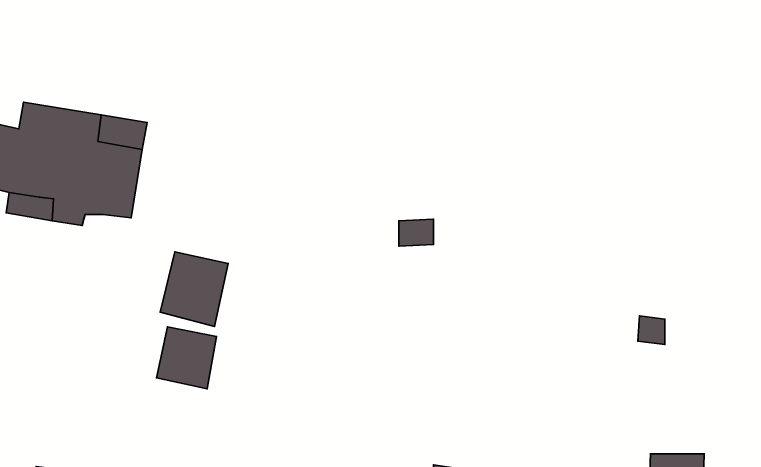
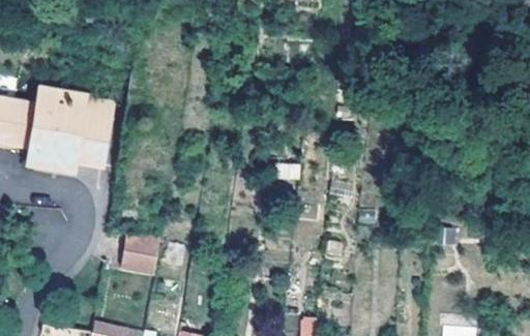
building: [160,252,228,326] -> none

